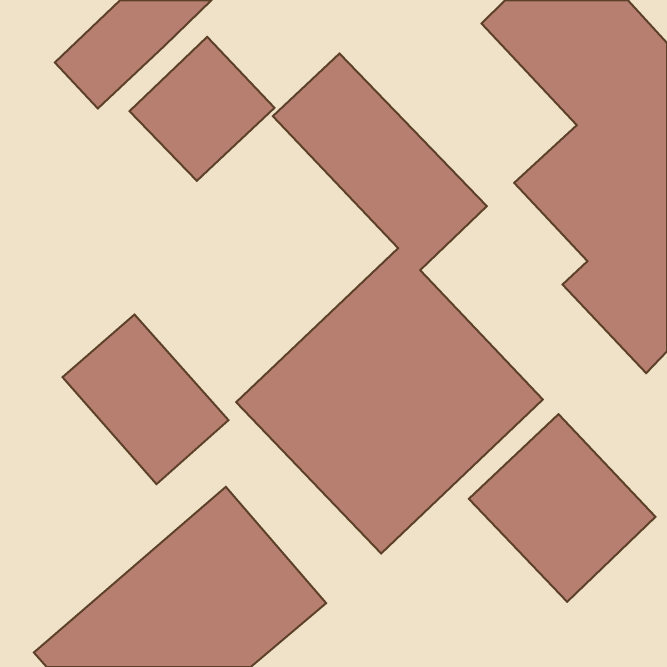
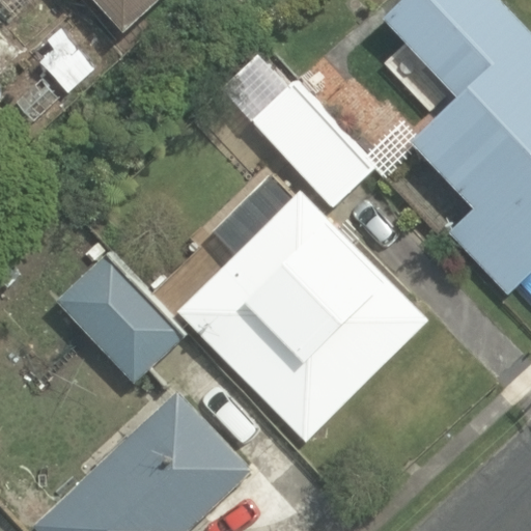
building: [130,37,274,181] -> none
building: [469,414,655,602] -> none

